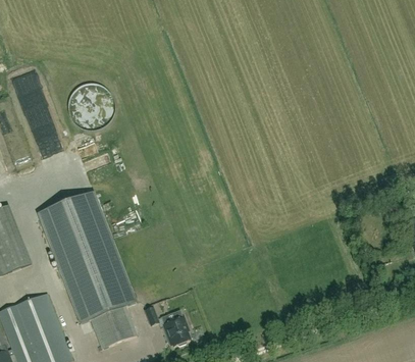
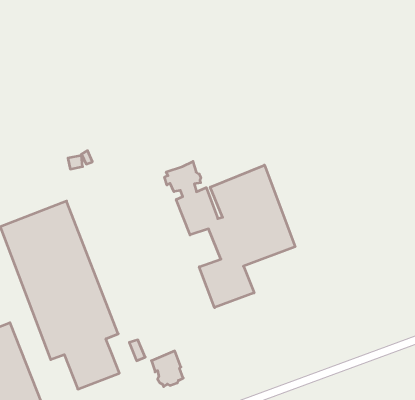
building: none -> [165,161,295,308]

